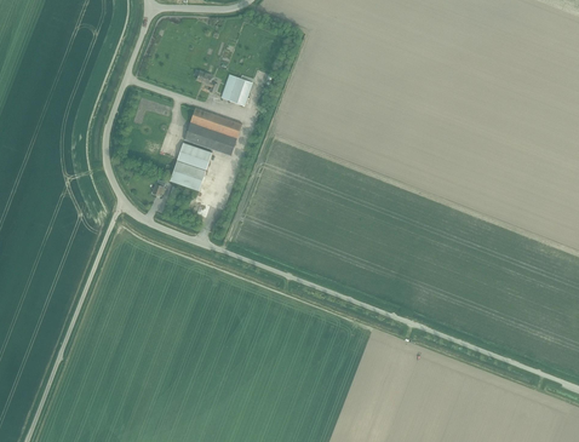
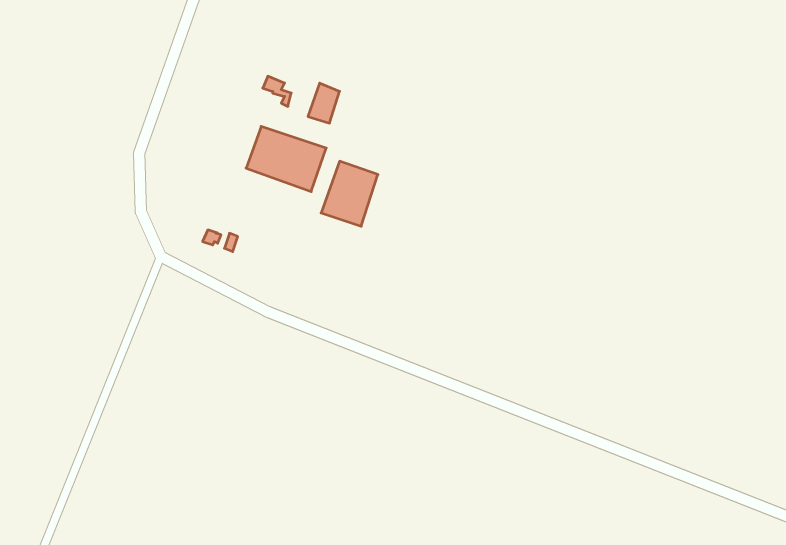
building: [170,143,211,190] -> [321,161,378,226]

